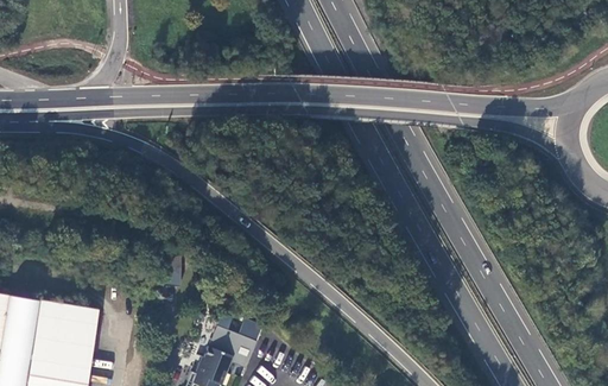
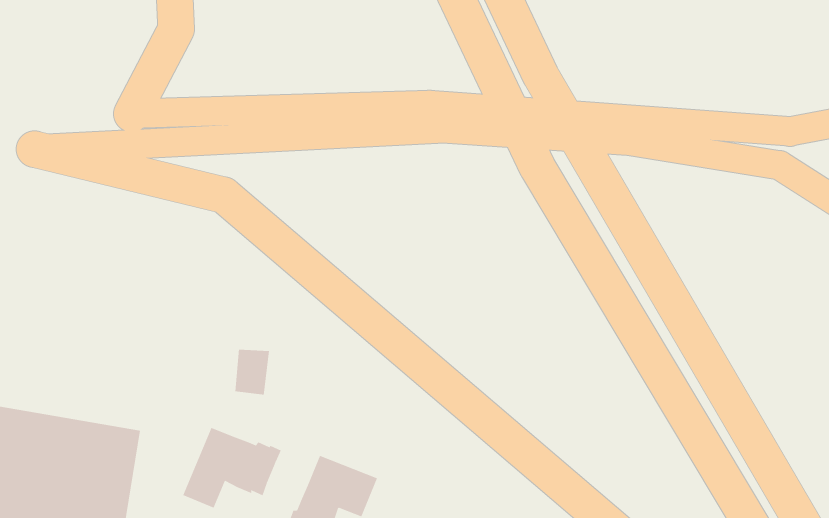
building: none -> [183,427,282,508]

